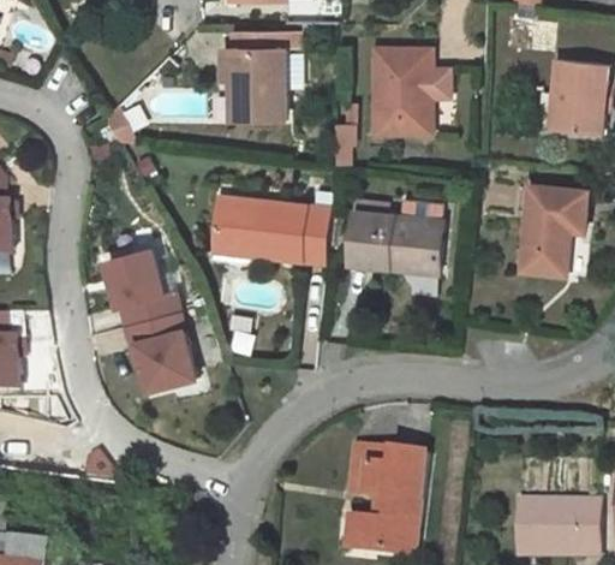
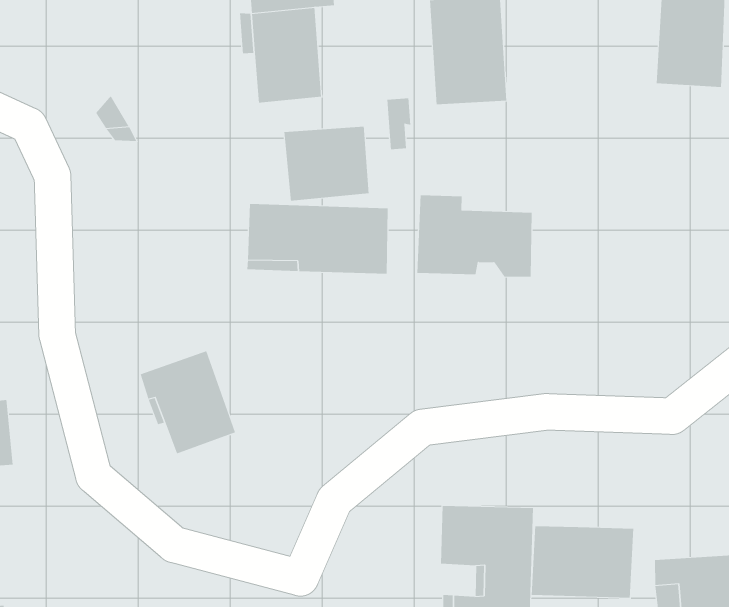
building: none -> [284,126,369,202]
building: [520,185,586,274] -> none
building: [103,248,178,325] -> none
building: none -> [531,525,634,598]

